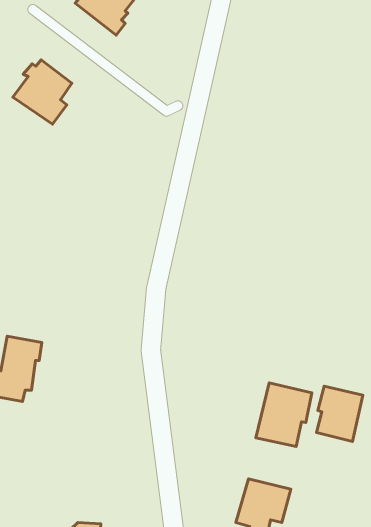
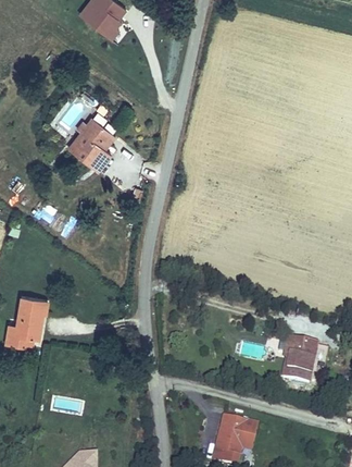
building: [13,60,72,124] -> [66,118,116,172]
building: [256,383,312,446] -> none

